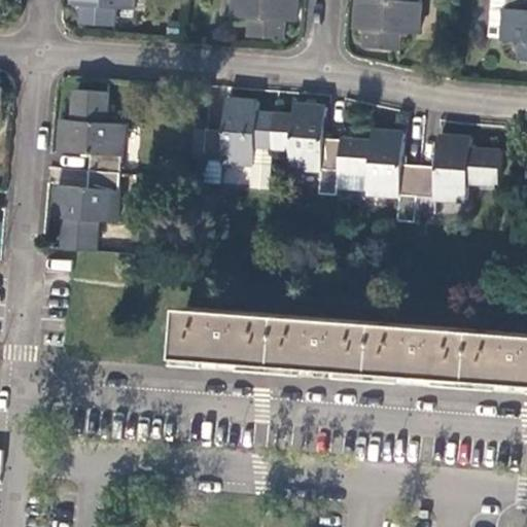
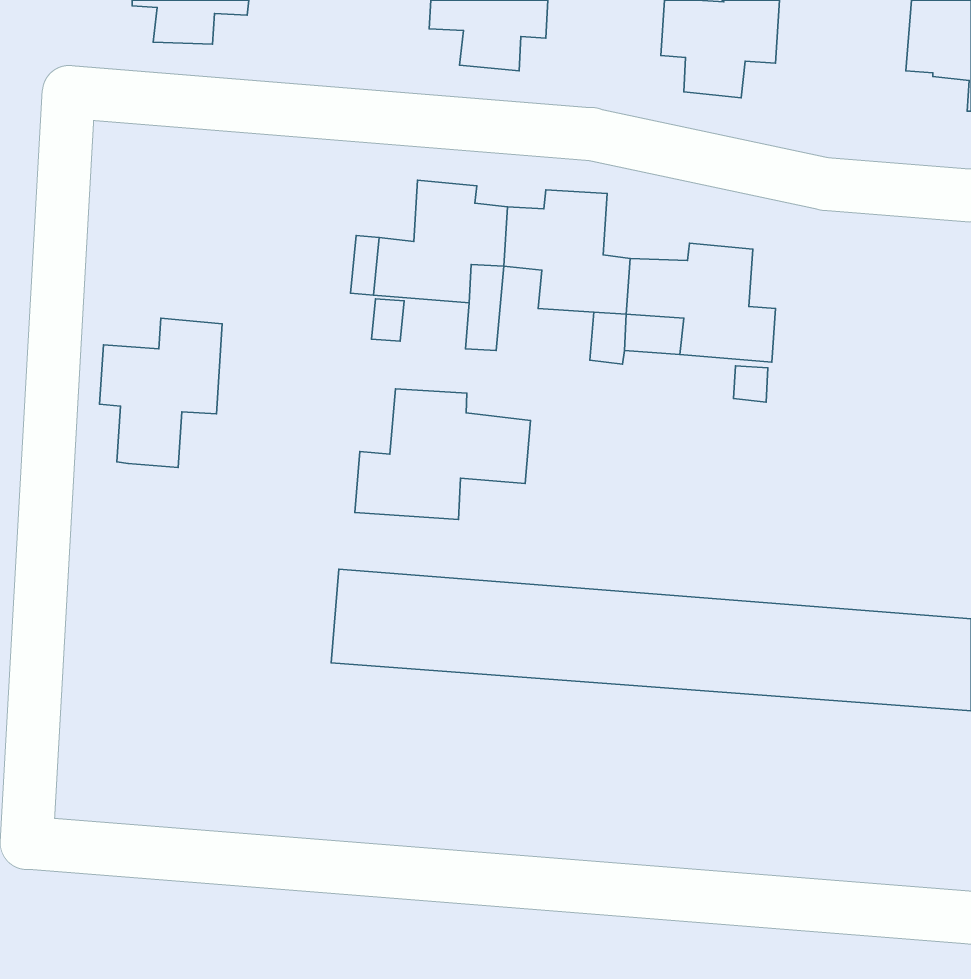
building: [59,89,124,174] -> none
building: [415,136,500,199] -> none
building: none -> [355,389,530,520]

